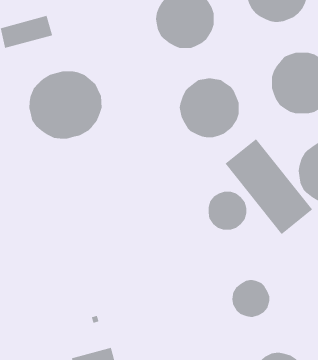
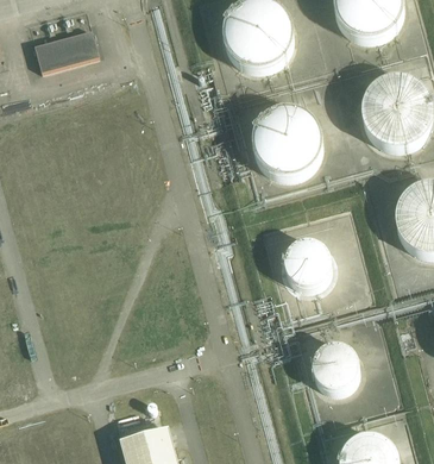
building: [28,70,102,139] -> none
building: [225,138,313,235] -> none

